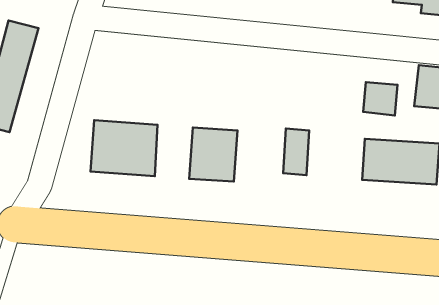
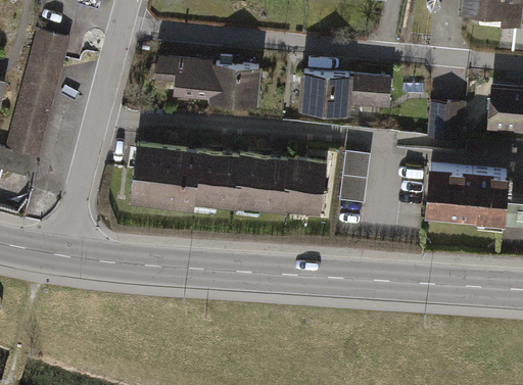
building: none -> [153,58,265,106]
building: none -> [296,71,392,115]
building: none -> [198,149,240,208]
building: none -> [285,155,326,213]

